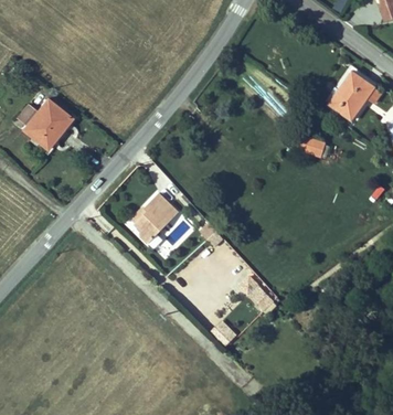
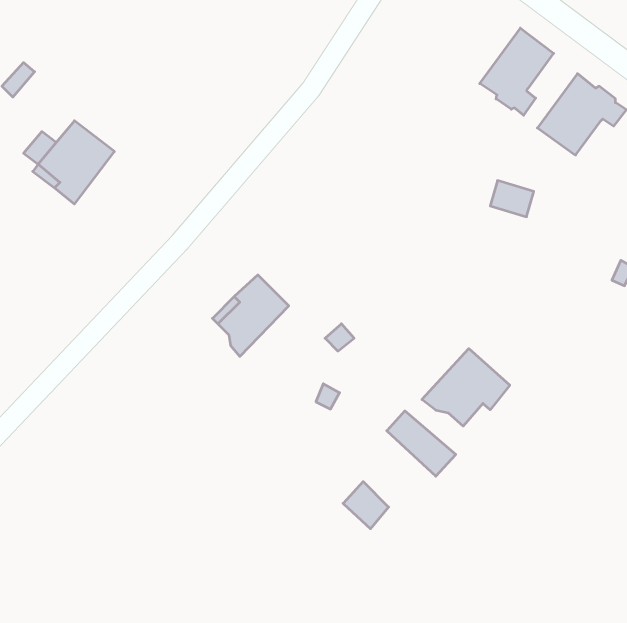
building: none -> [480,28,554,115]
building: none -> [422,349,510,426]

